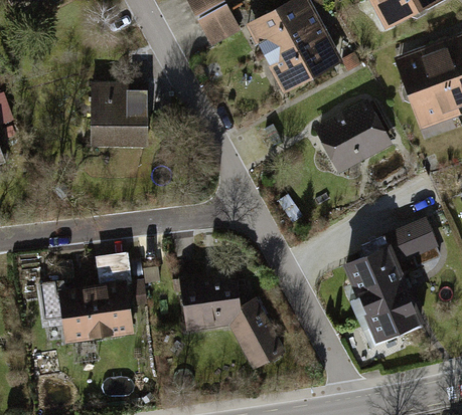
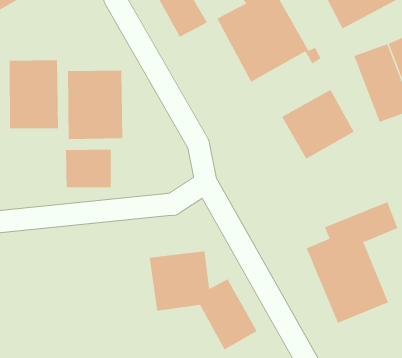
building: none -> [9,59,58,129]
building: none -> [66,149,111,188]
building: [37,251,134,342] -> none

